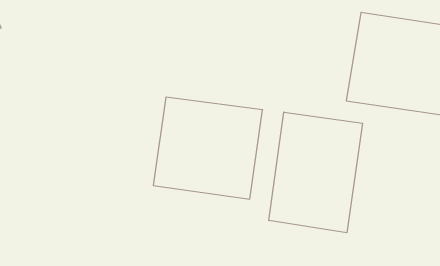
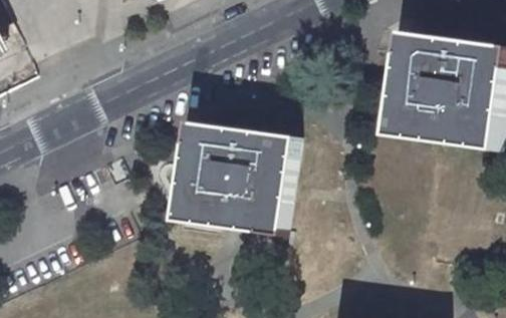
building: [269,112,362,233] -> none

